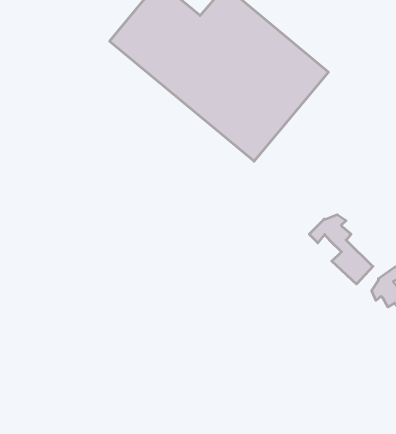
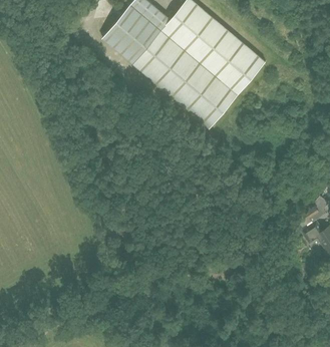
building: [309,215,373,284] -> none

